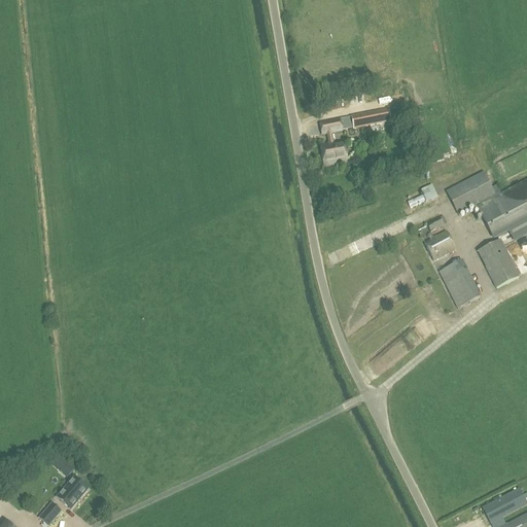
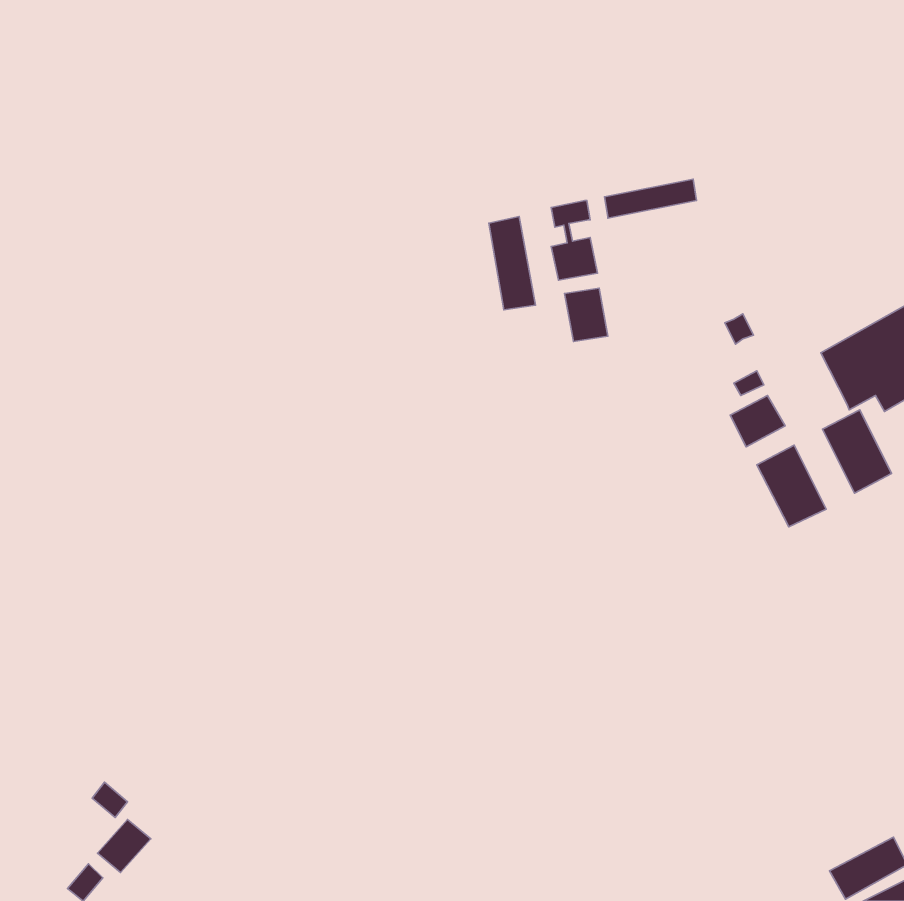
building: none -> [489,216,535,310]
building: none -> [565,288,608,342]
building: [447,169,496,212] -> none

